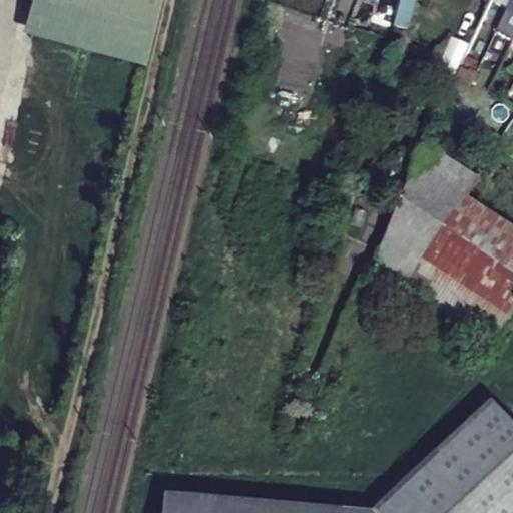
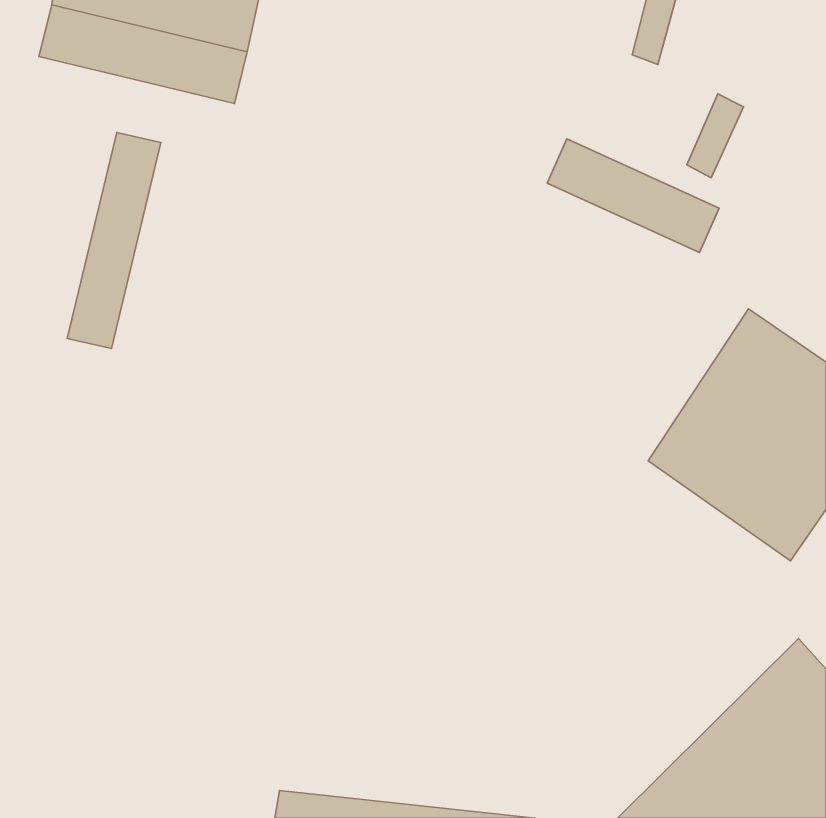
building: none -> [67,133,161,349]
building: none -> [547,139,719,253]

